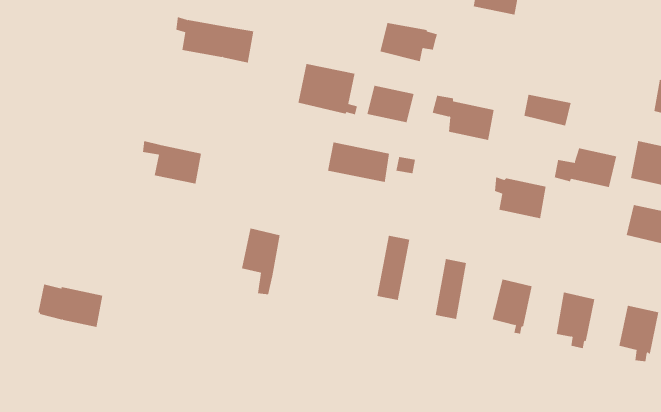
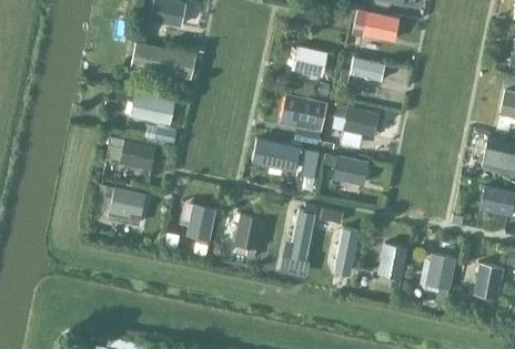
building: [298,63,357,115] -> none
building: none -> [123,92,174,126]
building: [524,94,572,126] -> [350,59,386,83]
building: [554,148,617,188] -> none
building: [494,176,547,219] -> [329,155,368,187]
building: none -> [233,215,263,263]
building: [38,284,103,327] -> [95,186,145,219]

